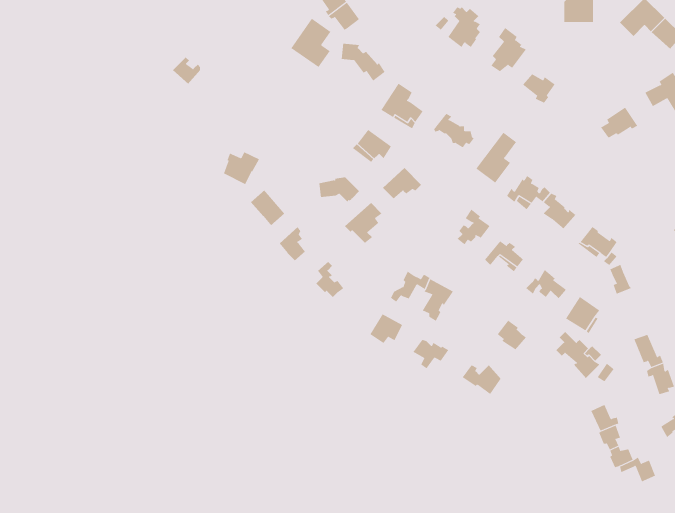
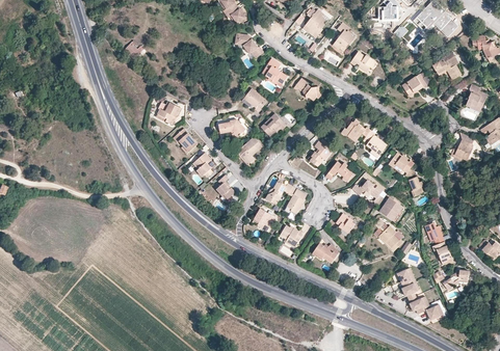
building: [291,18,331,68] -> none
building: [476,132,517,183] -> none

